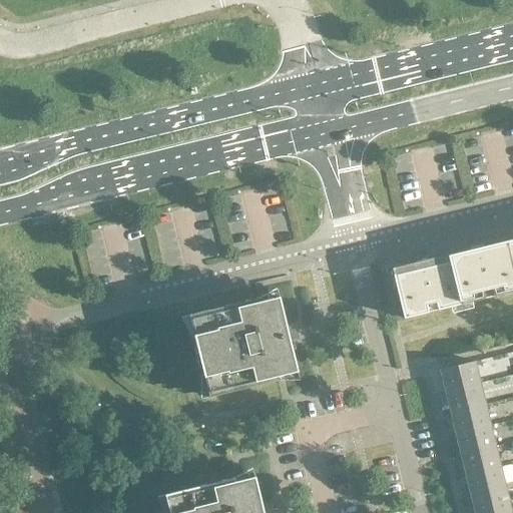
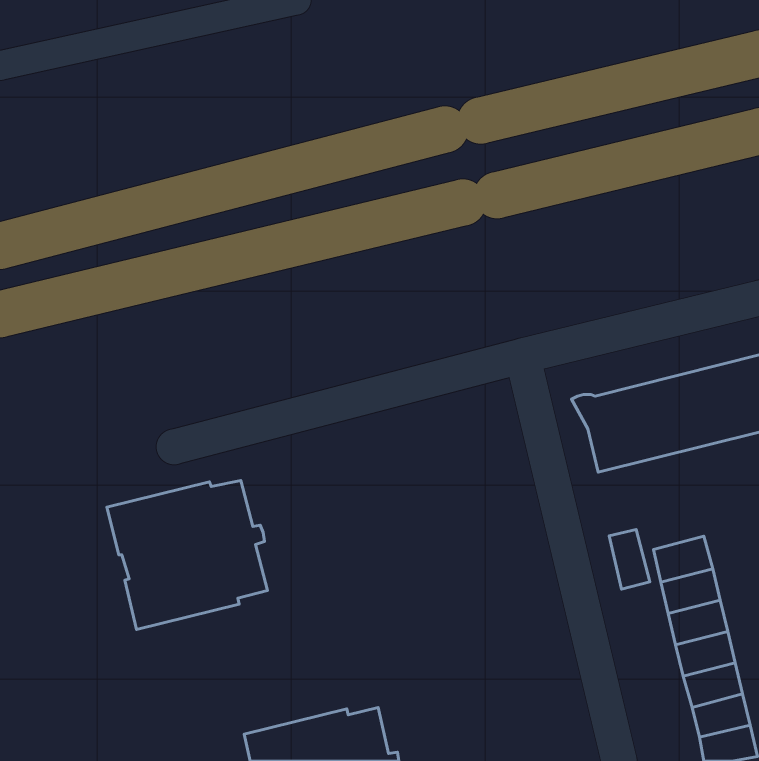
building: [189,297,298,397] -> [107,480,268,629]
building: none -> [609,529,650,589]

